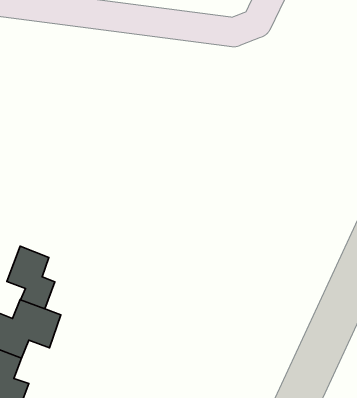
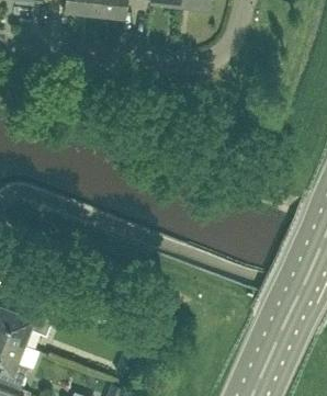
building: [7,246,55,309] -> none

